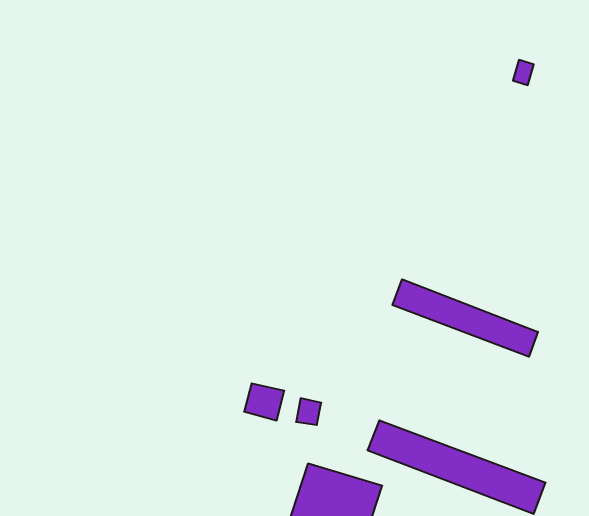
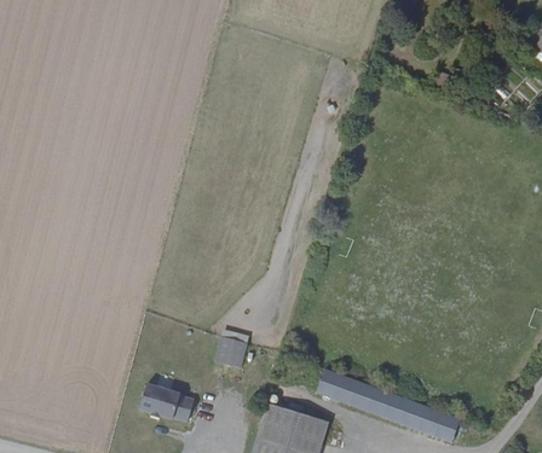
building: [392,279,538,357] -> none
building: none -> [144,383,200,420]

